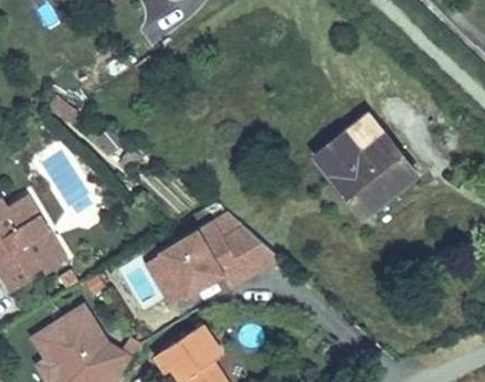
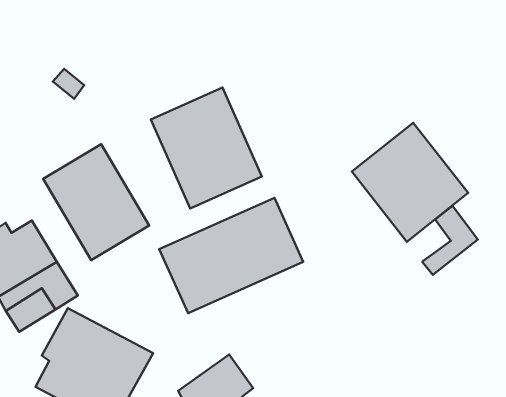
building: none -> [151,87,262,209]
building: none -> [43,144,149,260]
building: none -> [422,206,478,275]

